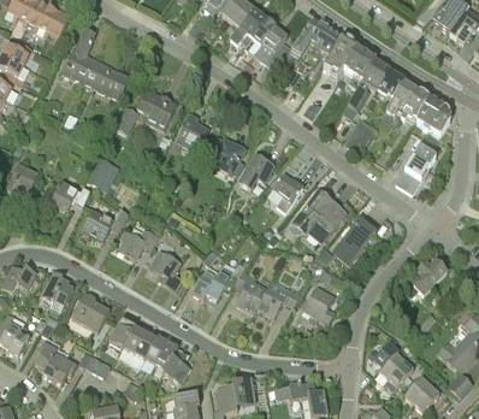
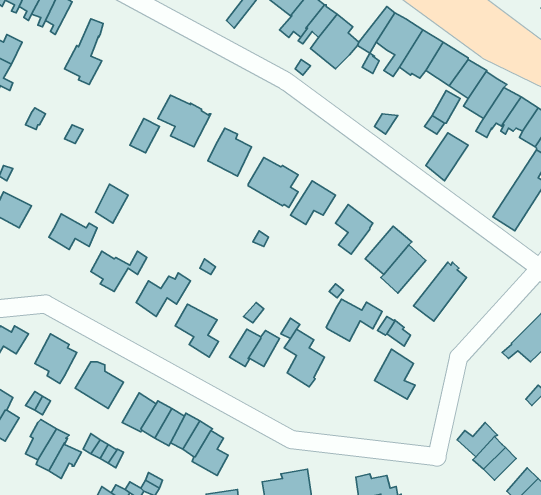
building: [83,63,129,98] -> none
building: [256,285,300,318] -> [326,299,382,341]

